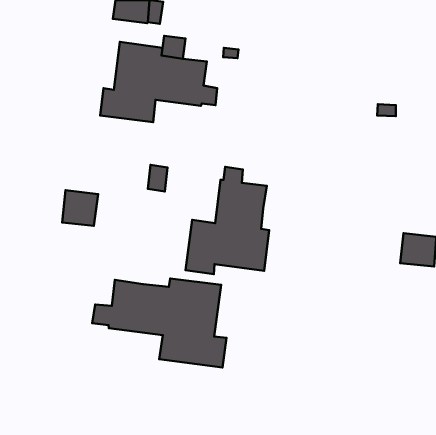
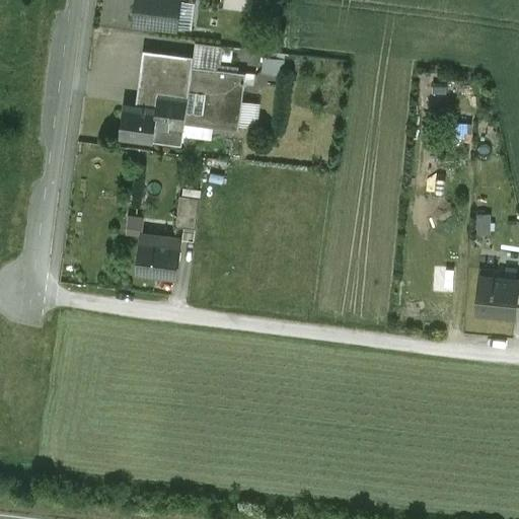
building: [185,167,269,274] -> none
building: [62,190,98,226] -> [137,236,179,279]
building: [92,278,227,368] -> none

